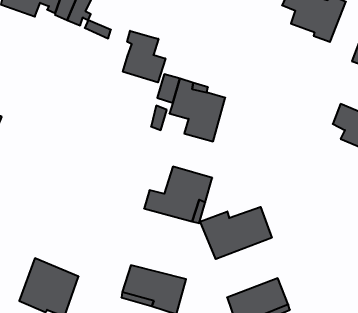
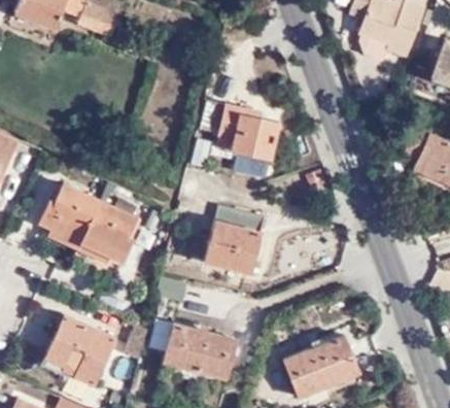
building: [123,31,165,82] -> none
building: none -> [36,181,148,264]
building: [200,207,272,259] -> none

